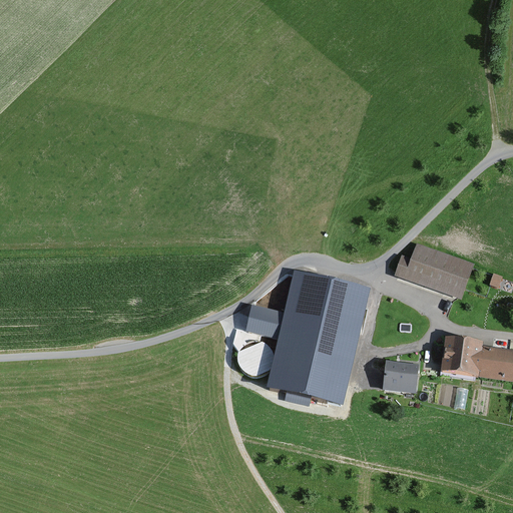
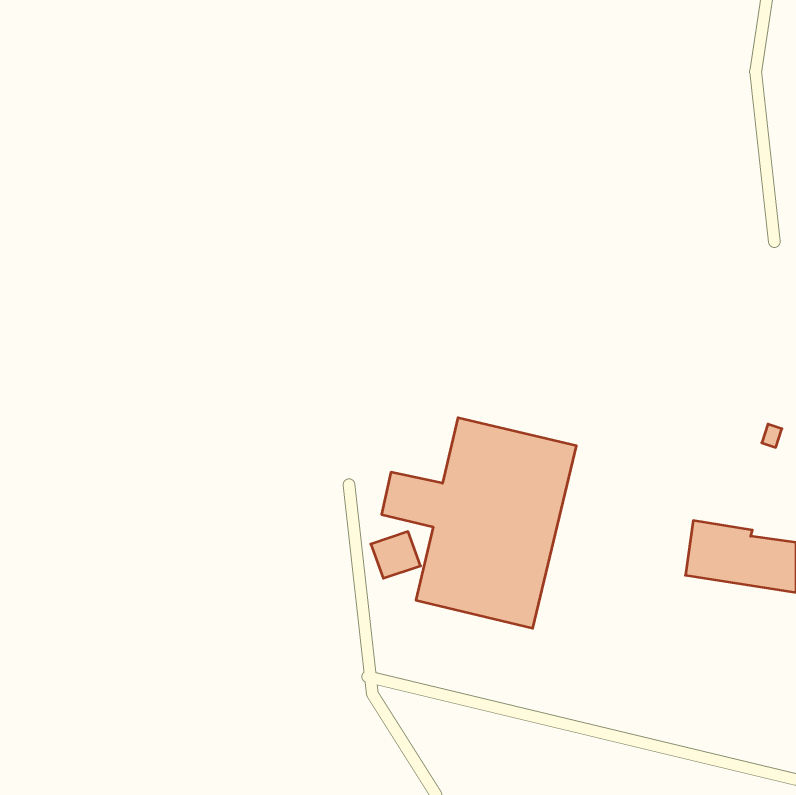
building: [394,242,475,300] -> none
building: [383,360,419,393] -> none

